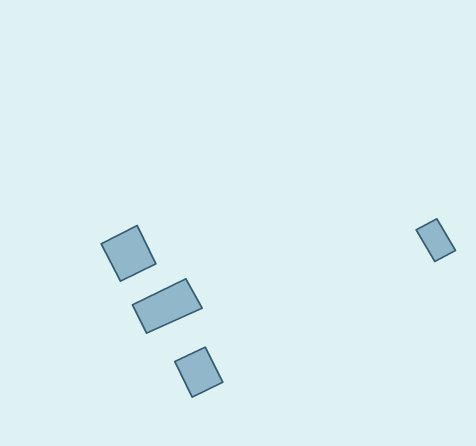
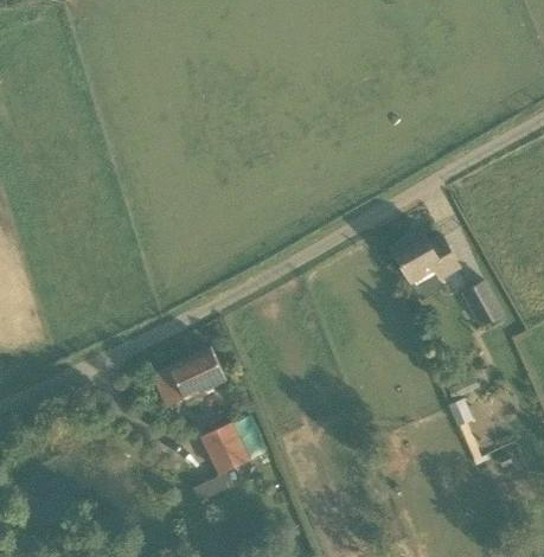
building: none -> [391,231,460,284]
building: [101,225,156,281] -> none

